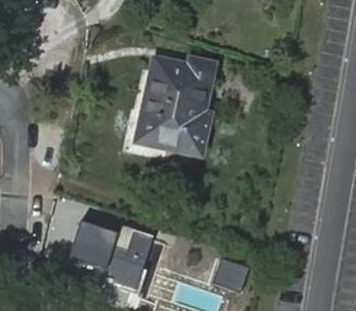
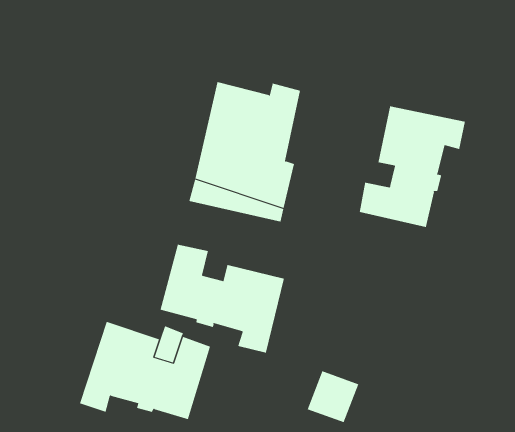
building: none -> [359,105,466,228]
building: none -> [160,244,285,353]

